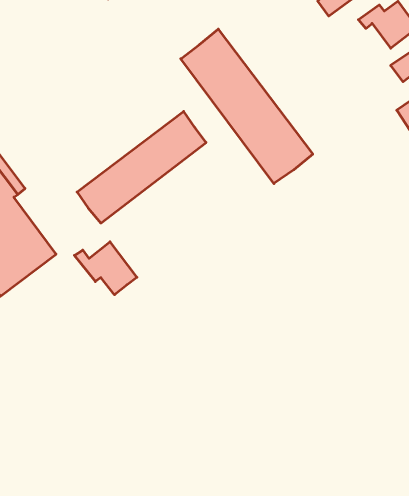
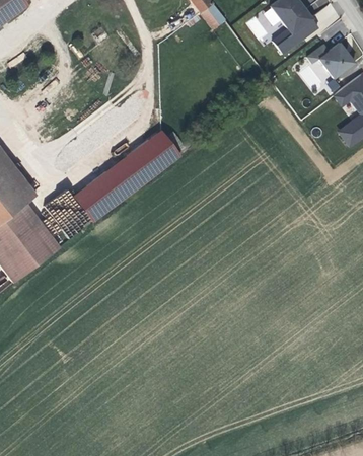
building: [181,29,313,184] -> none
building: [74,242,137,295] -> none

